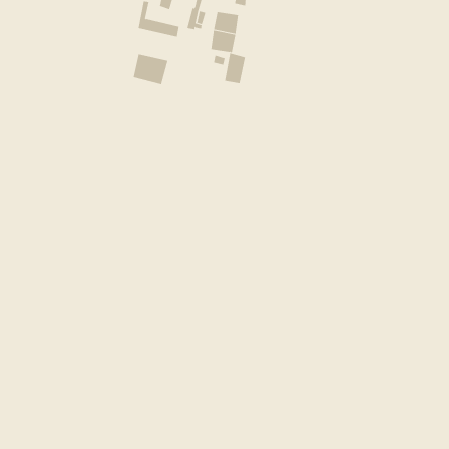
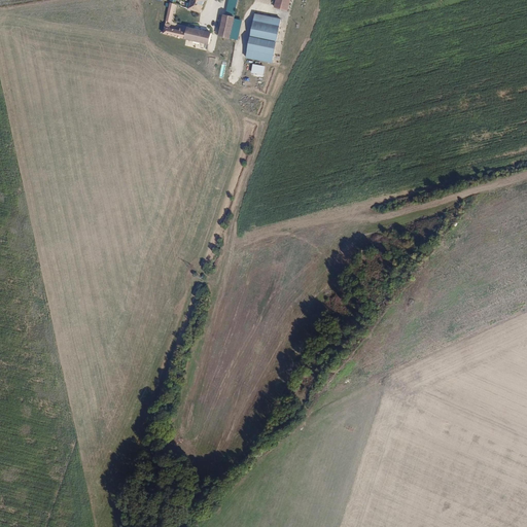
building: [225,52,246,84] -> none
building: [133,54,168,85] -> none

